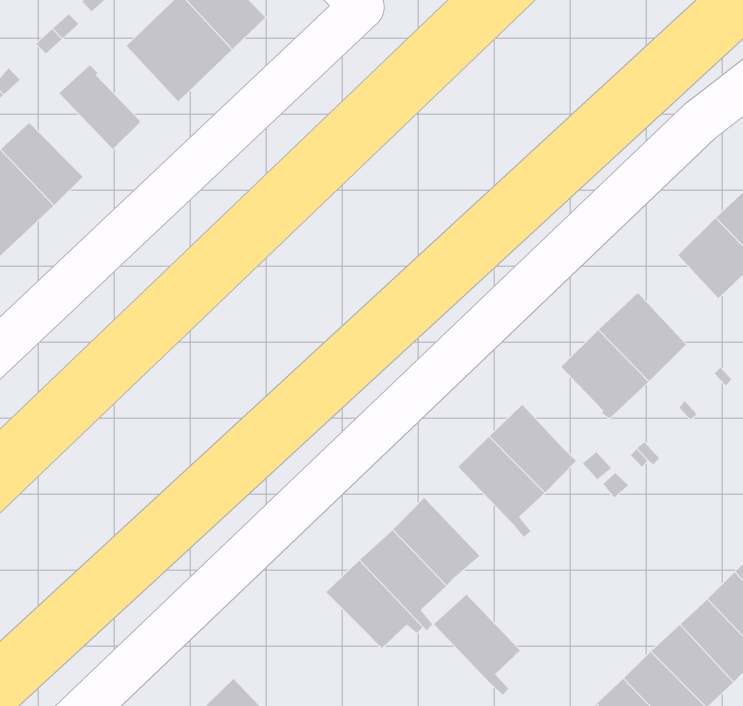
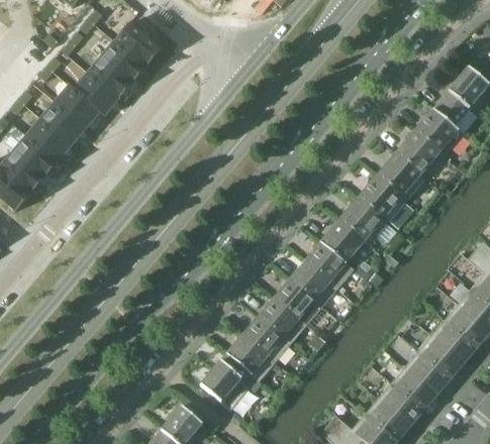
building: none -> [74,72,119,116]
building: none -> [40,101,87,144]
building: none -> [377,152,425,200]
building: none -> [320,219,365,262]
building: none -> [200,353,250,410]
building: [433,594,521,696] -> [274,279,322,331]

